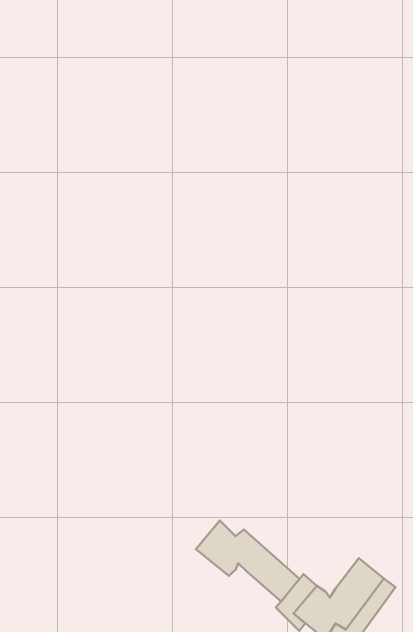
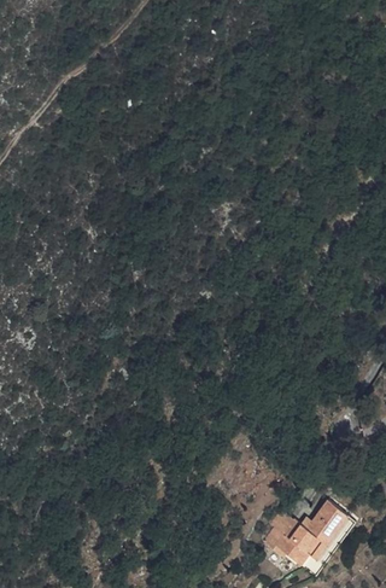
building: [196,520,300,601] -> none

